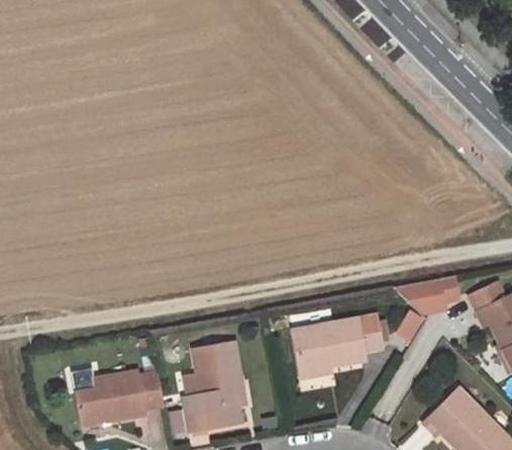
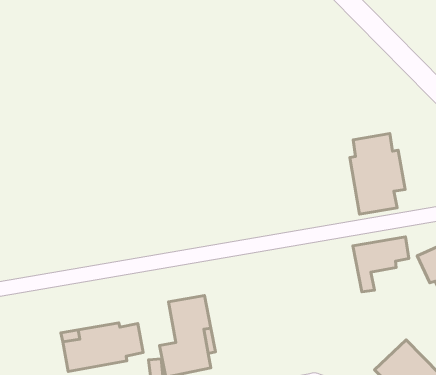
building: none -> [350,133,405,214]
building: [291,314,382,375] -> none

